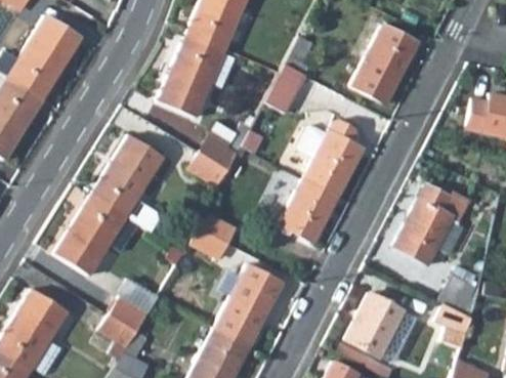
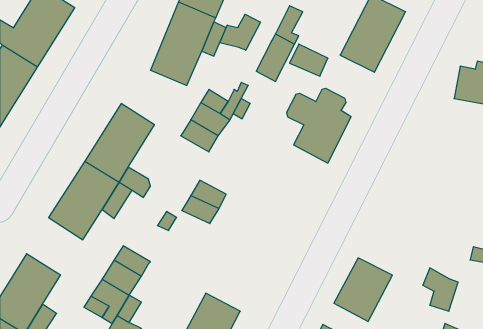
building: none -> [220,14,260,50]
building: [280,178,339,244] -> none
building: [393,184,453,265] -> none
building: [215,265,283,347] -> none
building: [438,276,477,314] -> none

